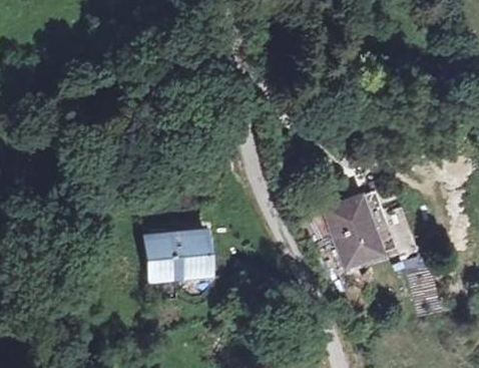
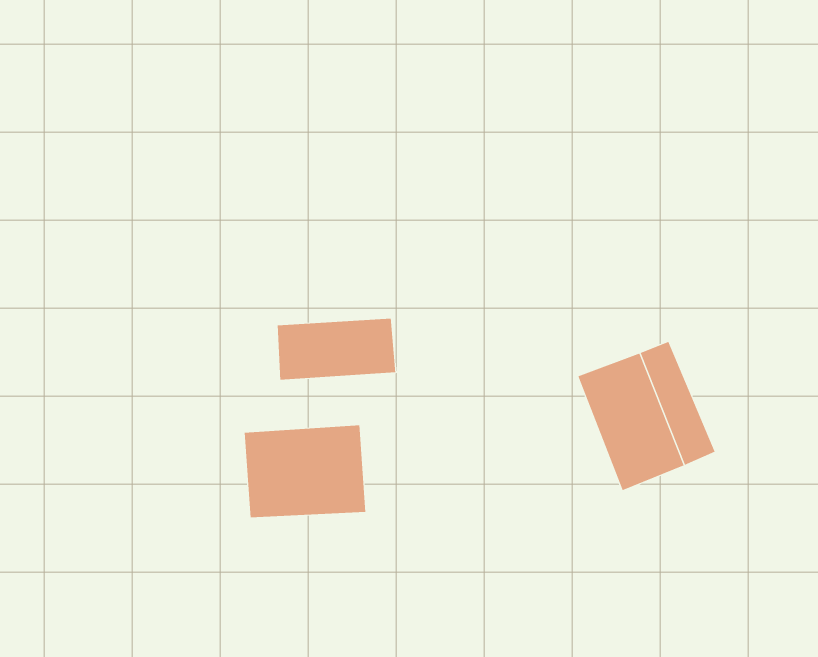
building: none -> [277,318,396,380]

